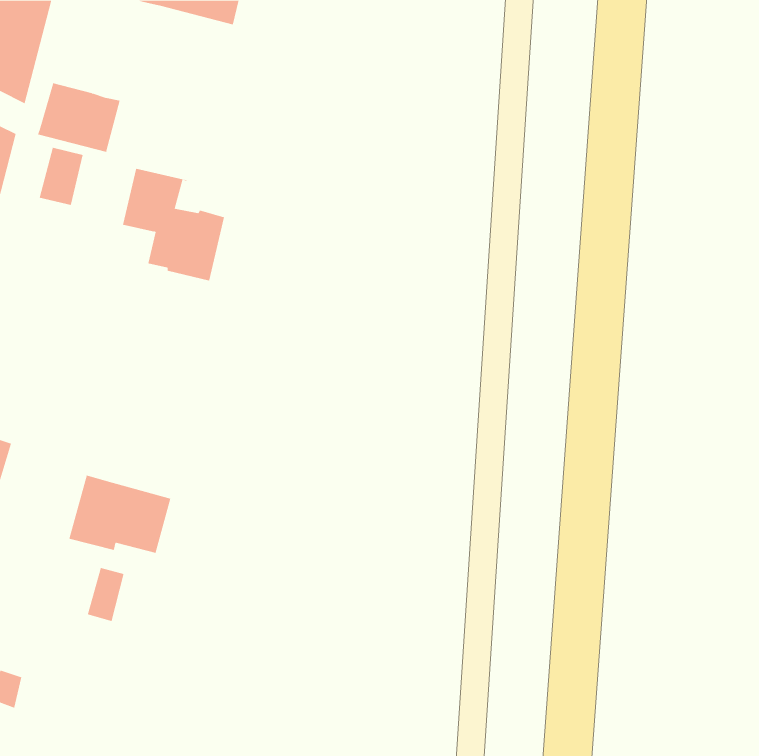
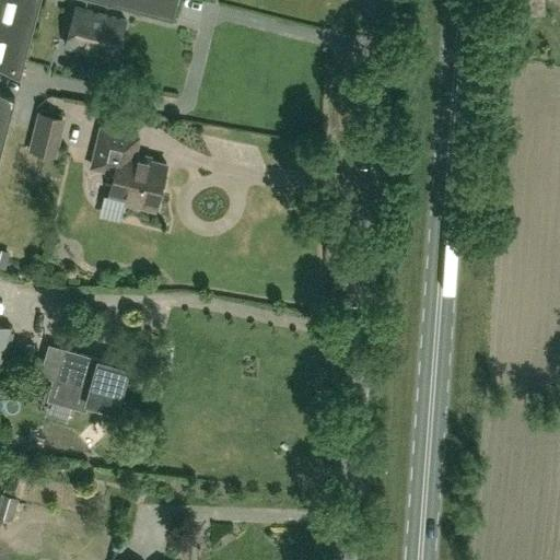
building: [37,83,121,152] -> [63,9,125,60]
building: [87,567,124,622] -> none

